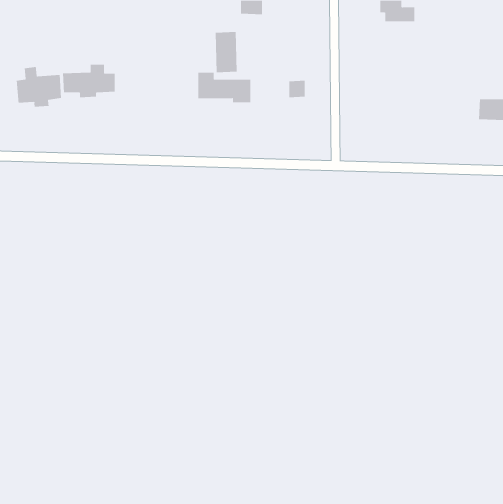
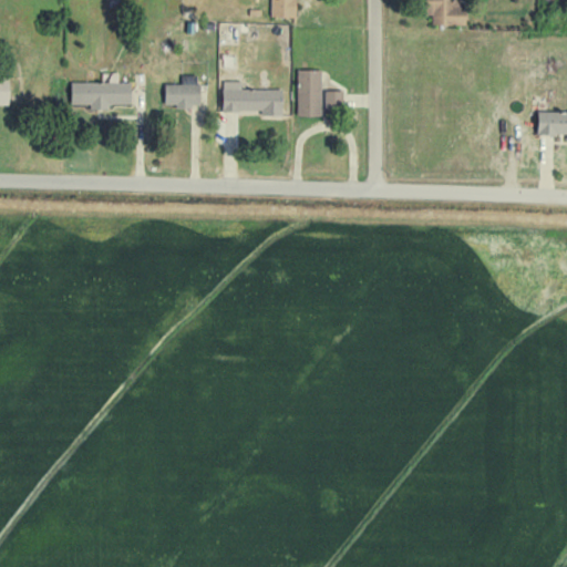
building: [215,31,238,73] -> [298,70,323,116]
building: [16,66,62,107] -> none
building: none -> [166,75,200,109]

